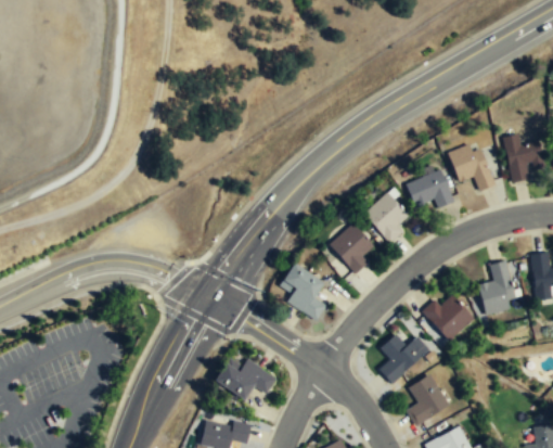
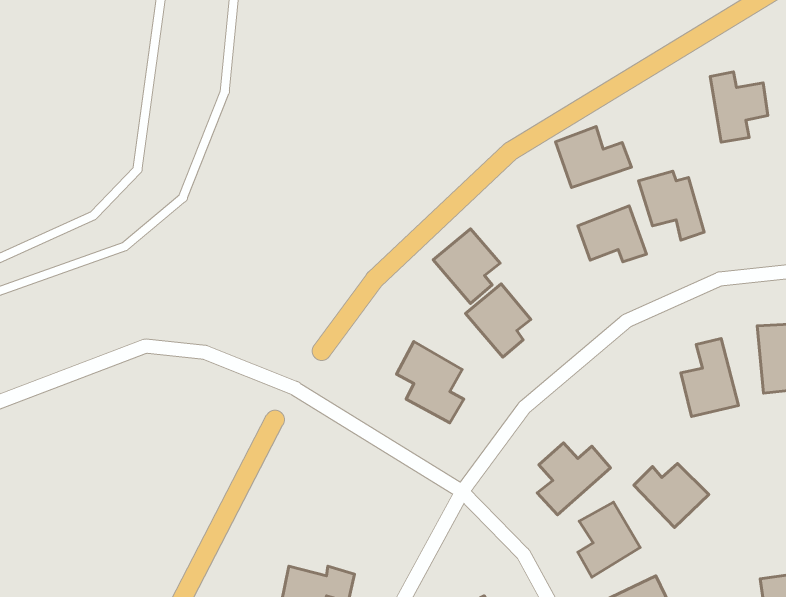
building: none -> [555,126,632,187]
building: [504,133,544,182] -> [710,72,768,142]
building: [363,191,410,243] -> [433,229,500,304]
building: [422,296,474,341] -> [634,463,709,527]
building: [216,357,278,398] -> none

